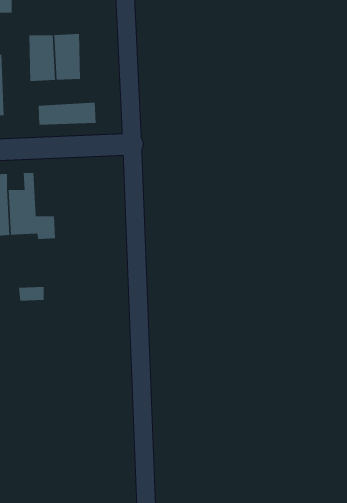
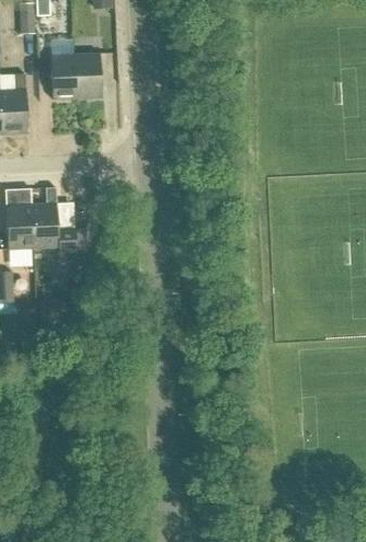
building: [38,102,96,126] -> none

